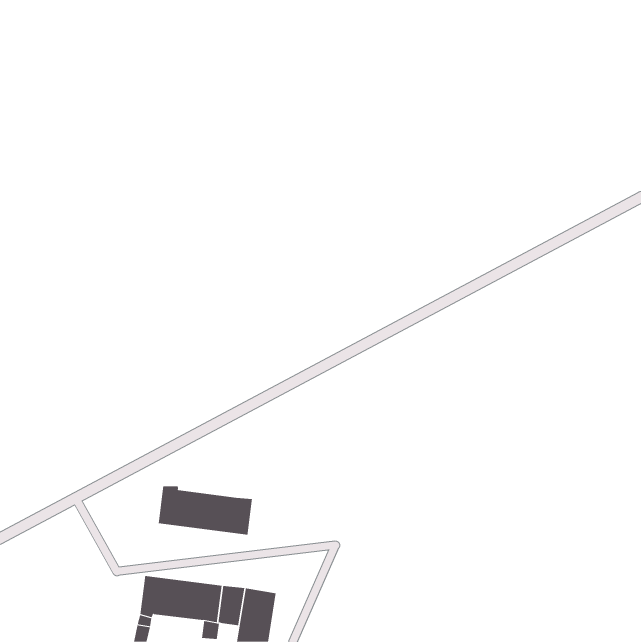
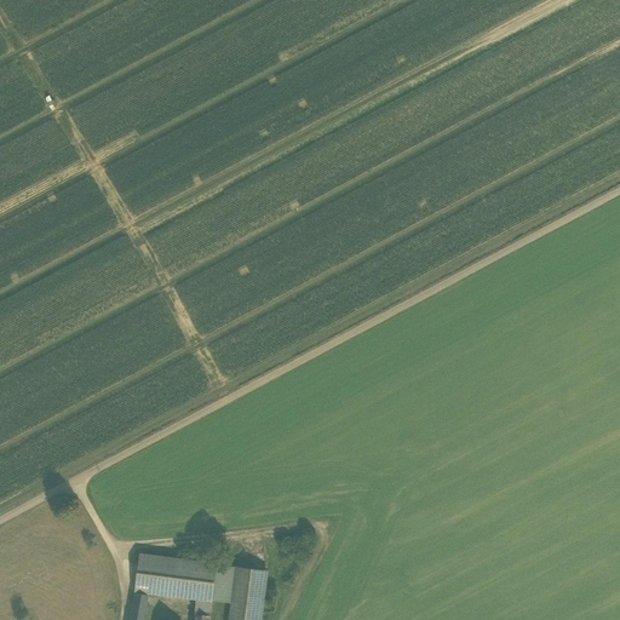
building: [158,486,253,536] -> none

